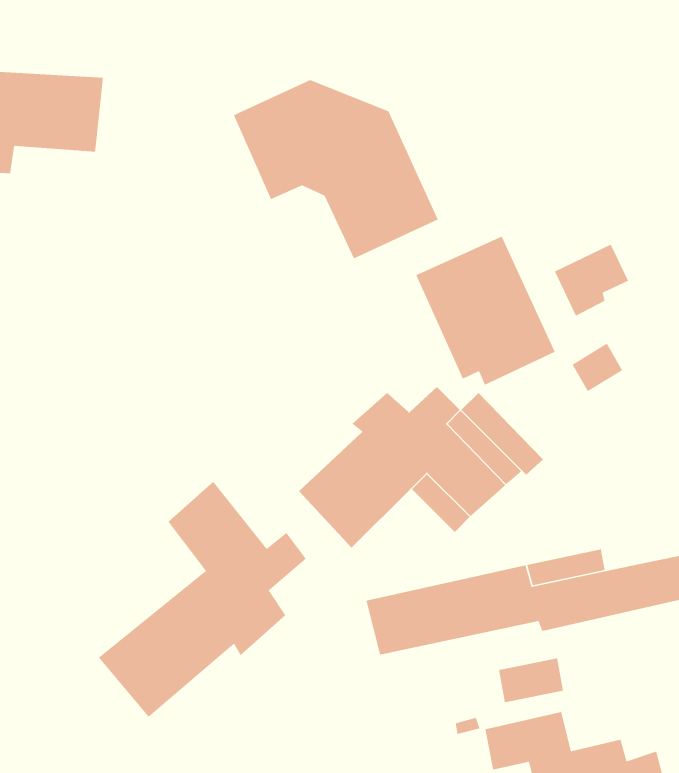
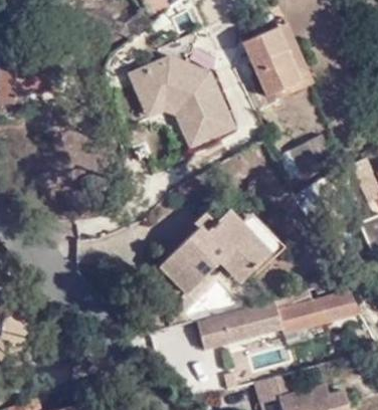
building: [415,235,556,386] -> [242,25,314,101]
building: [98,481,307,718] -> none

